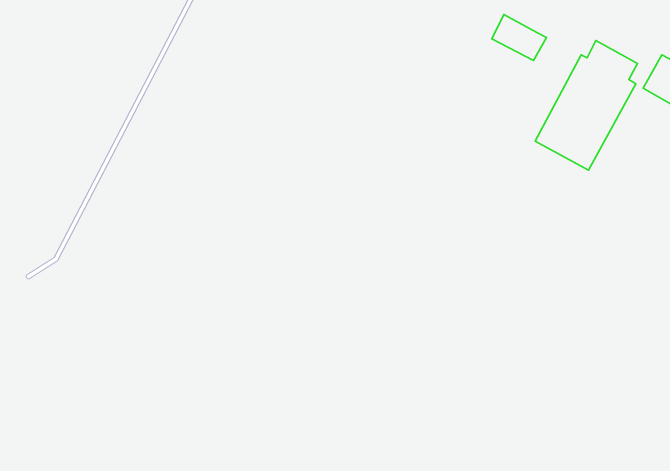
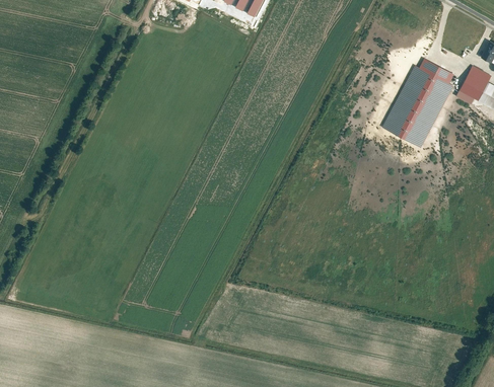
building: [492,14,547,61] -> none

